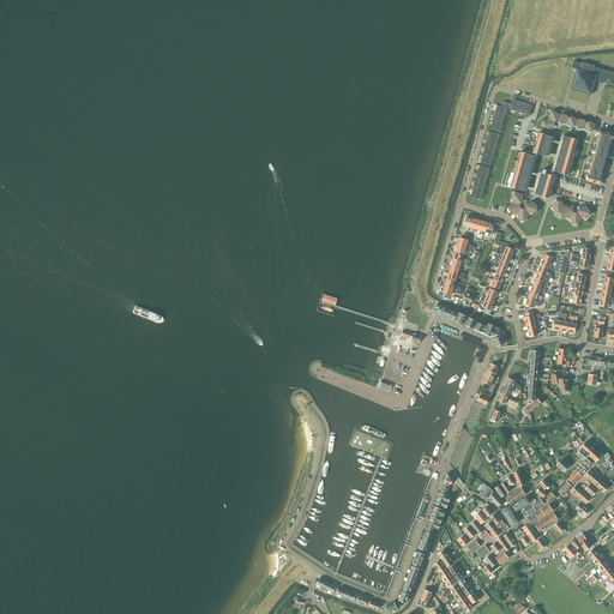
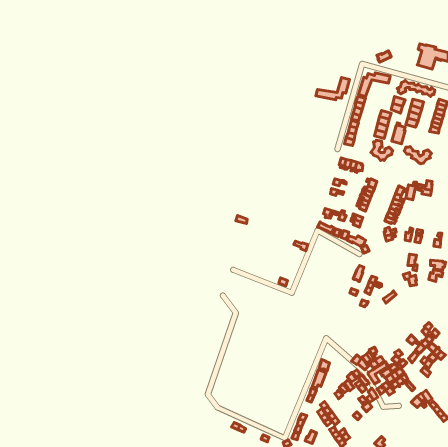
building: none -> [316,78,349,100]

